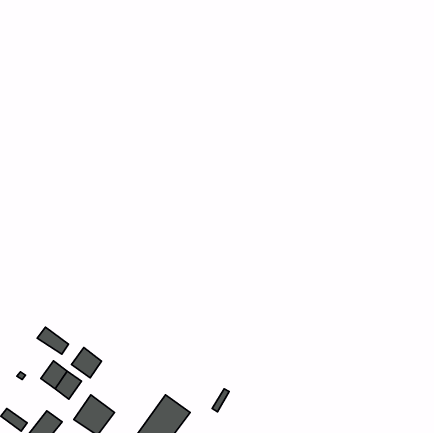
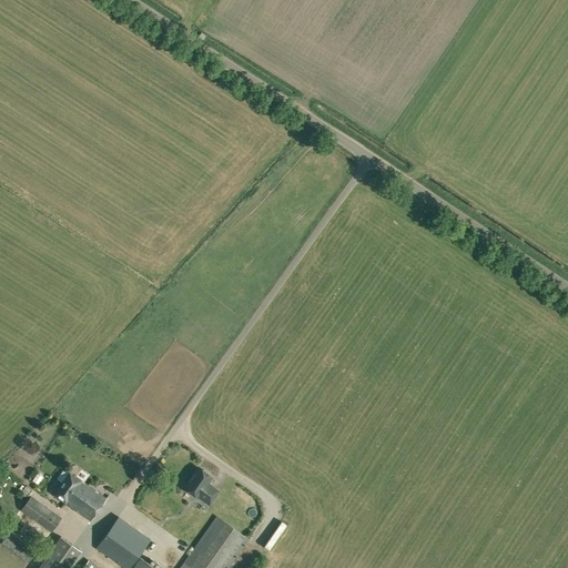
building: [37,327,69,354] -> [20,497,61,532]
building: [71,347,102,378] -> none
building: none -> [184,468,219,505]

